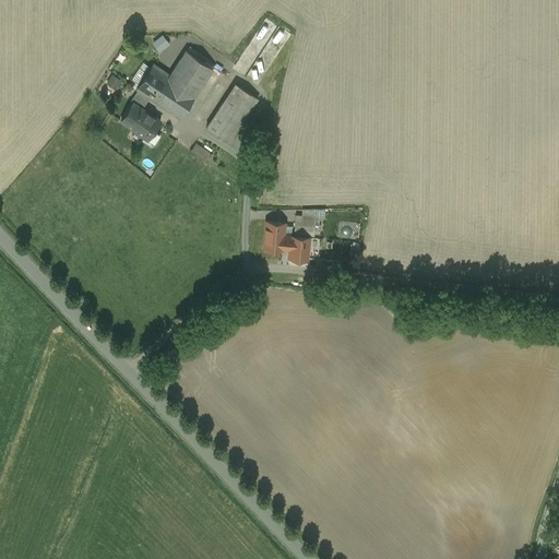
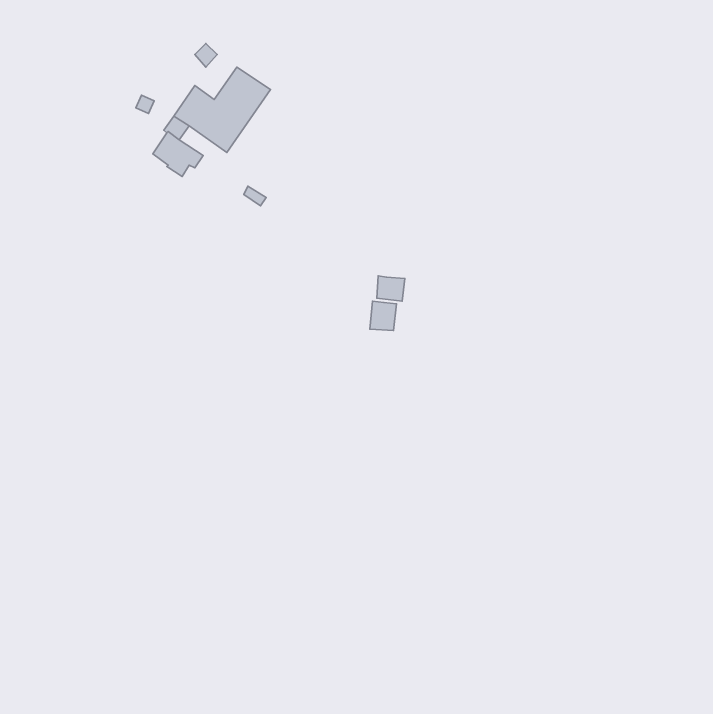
building: [206,86,257,145] -> none
building: [266,223,286,251] -> none

